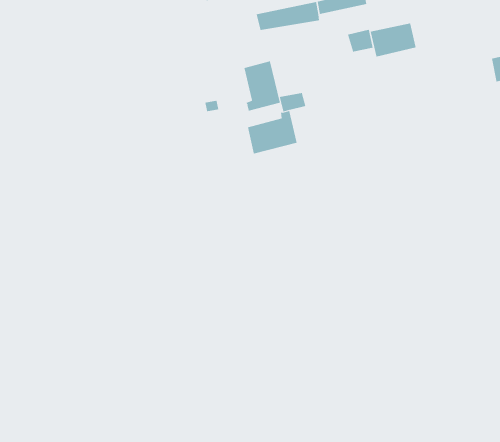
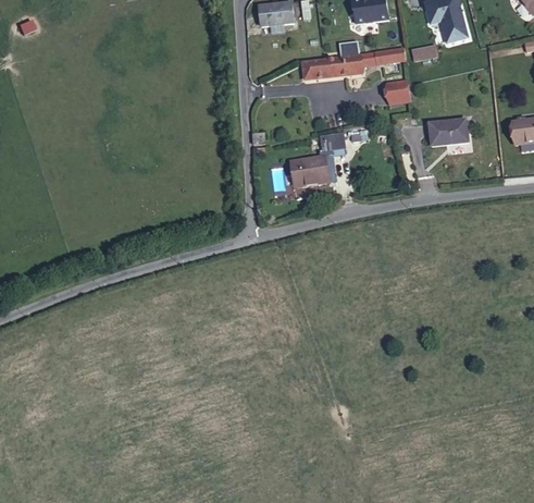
building: [370,23,417,57] -> [429,119,470,147]
building: [244,60,280,111] -> none

